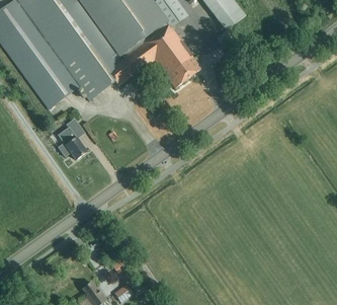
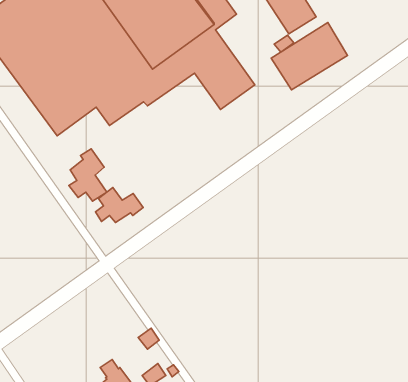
building: none -> [271,22,347,90]
building: none -> [95,188,143,223]

